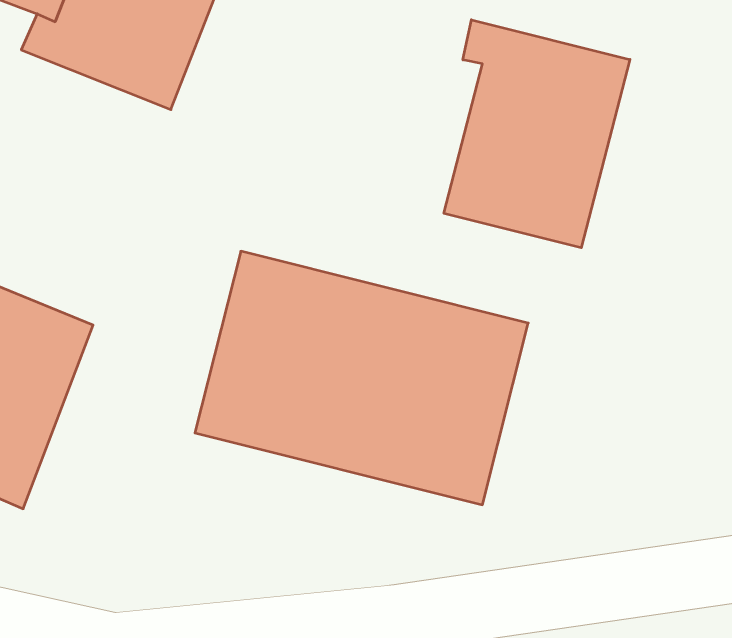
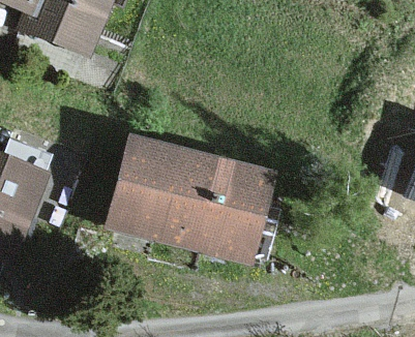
building: [444,20,630,248] -> none

